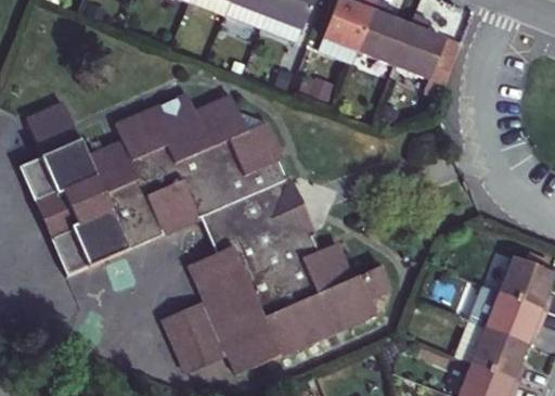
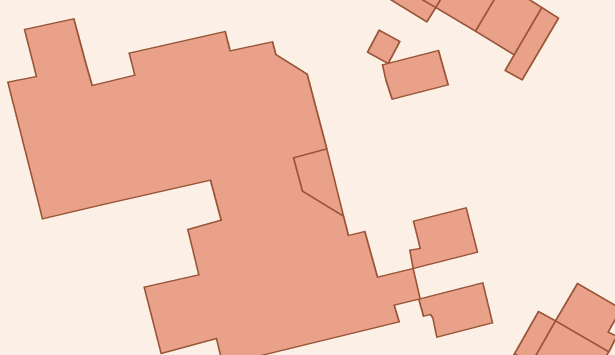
building: none -> [382,51,448,99]
building: none -> [410,208,478,269]
building: none -> [419,283,492,337]

